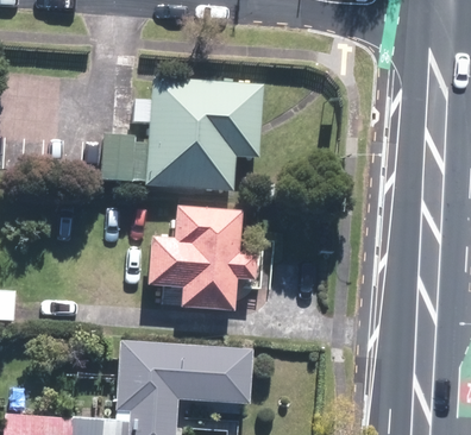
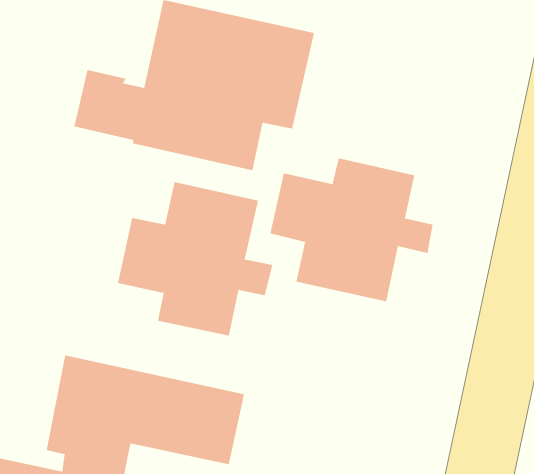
building: none -> [270,158,433,302]

